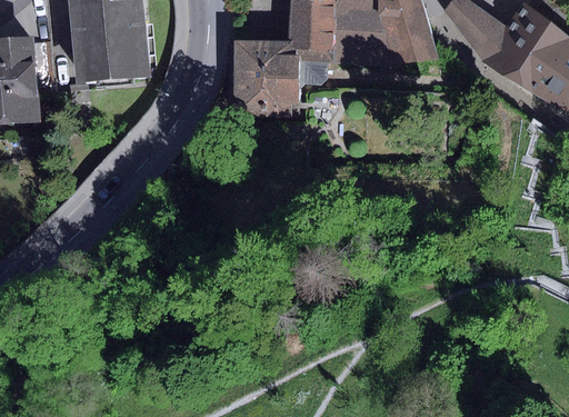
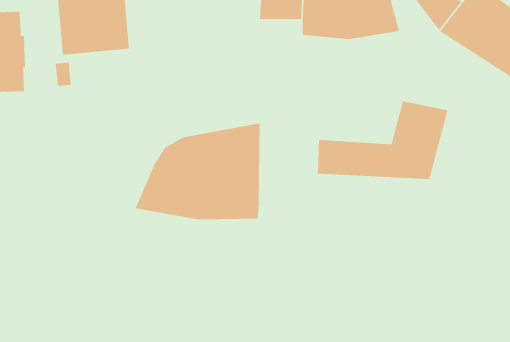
building: [236,43,332,113] -> none
building: none -> [317,100,448,180]
building: none -> [135,122,260,220]

